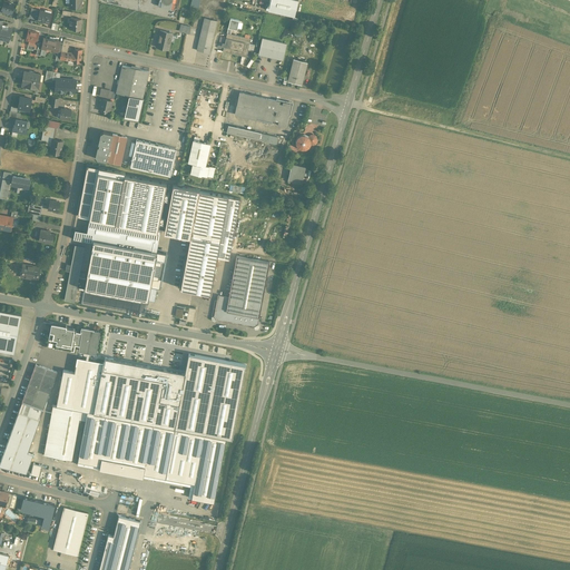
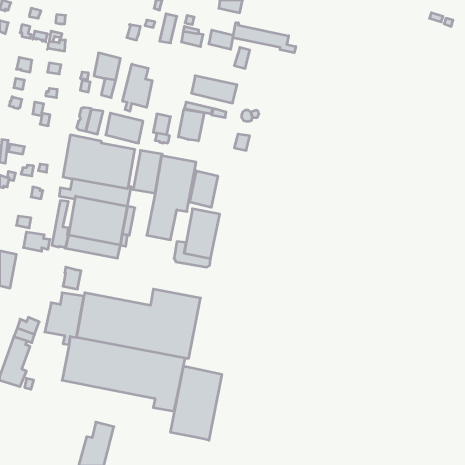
building: none -> [233,23,296,53]
building: none -> [123,64,152,111]
building: none -> [178,110,204,141]
building: none -> [190,171,218,207]
building: [48,325,80,348] -> [23,232,50,251]
building: [24,365,56,394] -> none
building: [42,405,79,461] -> none
building: none -> [171,366,222,440]
building: [19,498,53,529] -> none
building: [51,508,87,557] -> none

